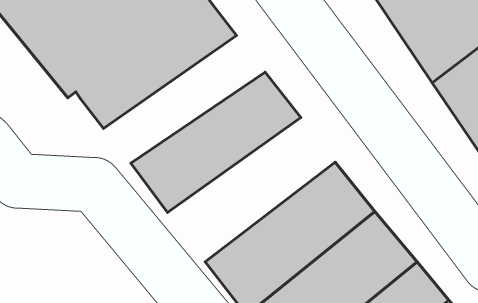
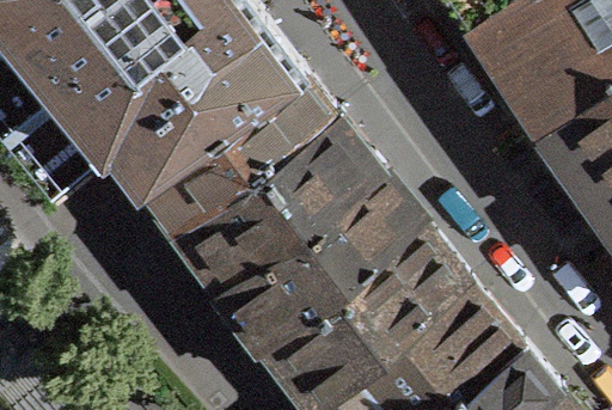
building: none -> [133,75,329,230]
building: none -> [210,175,414,349]

